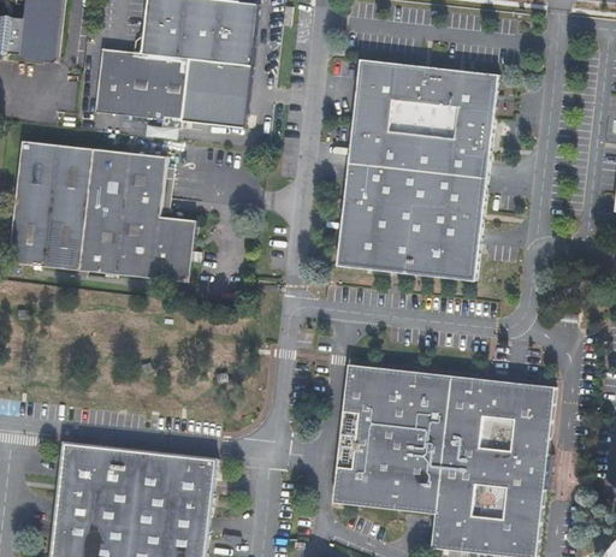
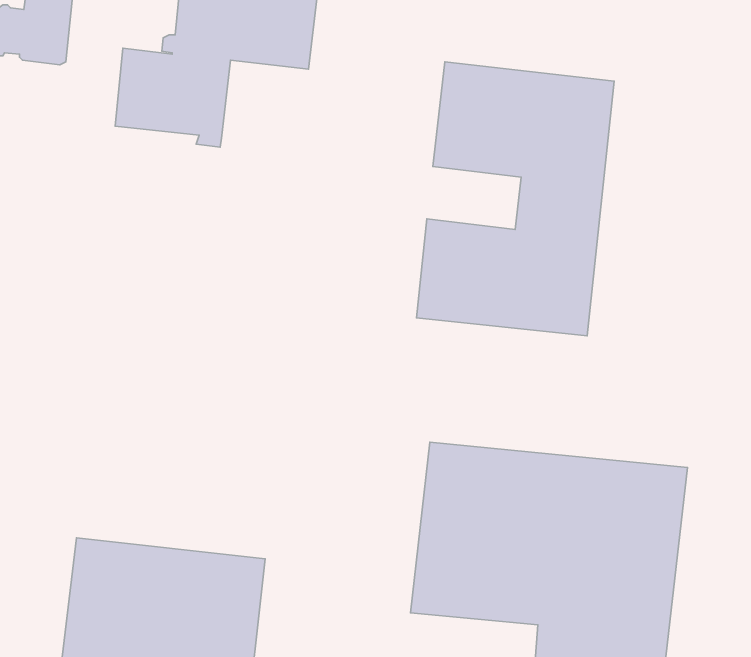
building: [180,59,250,129] -> none
building: [8,141,195,283] -> none
building: [345,144,421,195] -> none

